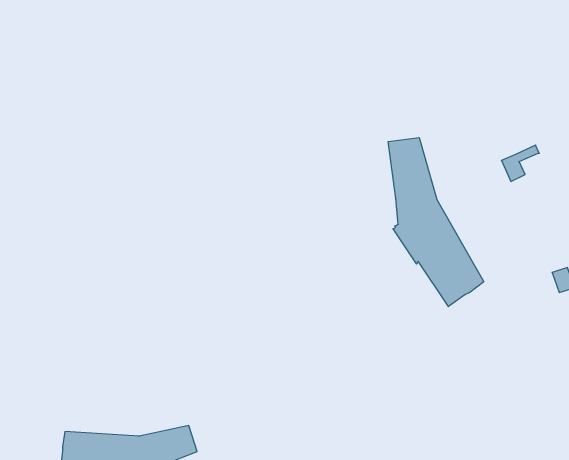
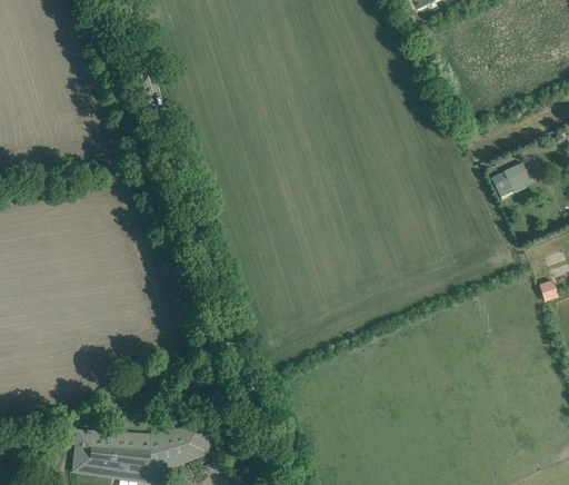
building: [388,138,484,307] -> none

